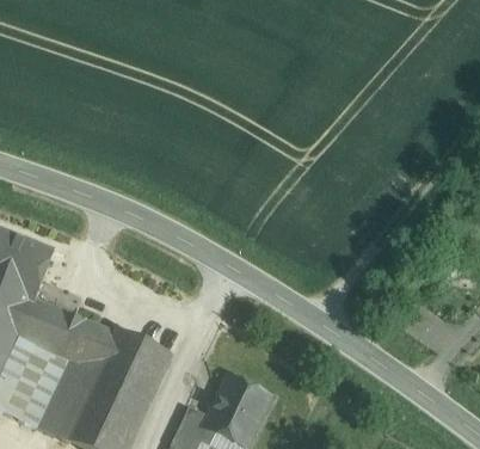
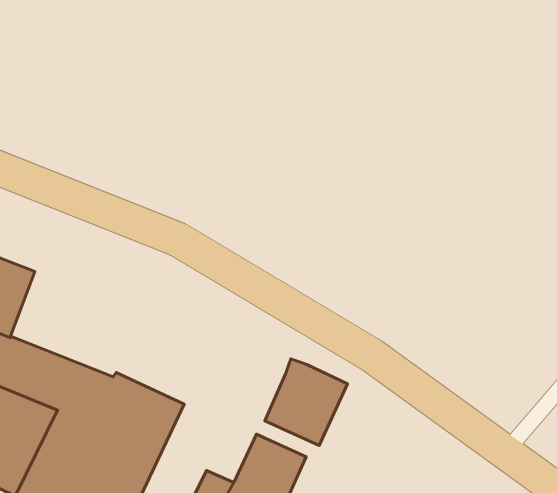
building: none -> [265,359,347,446]

